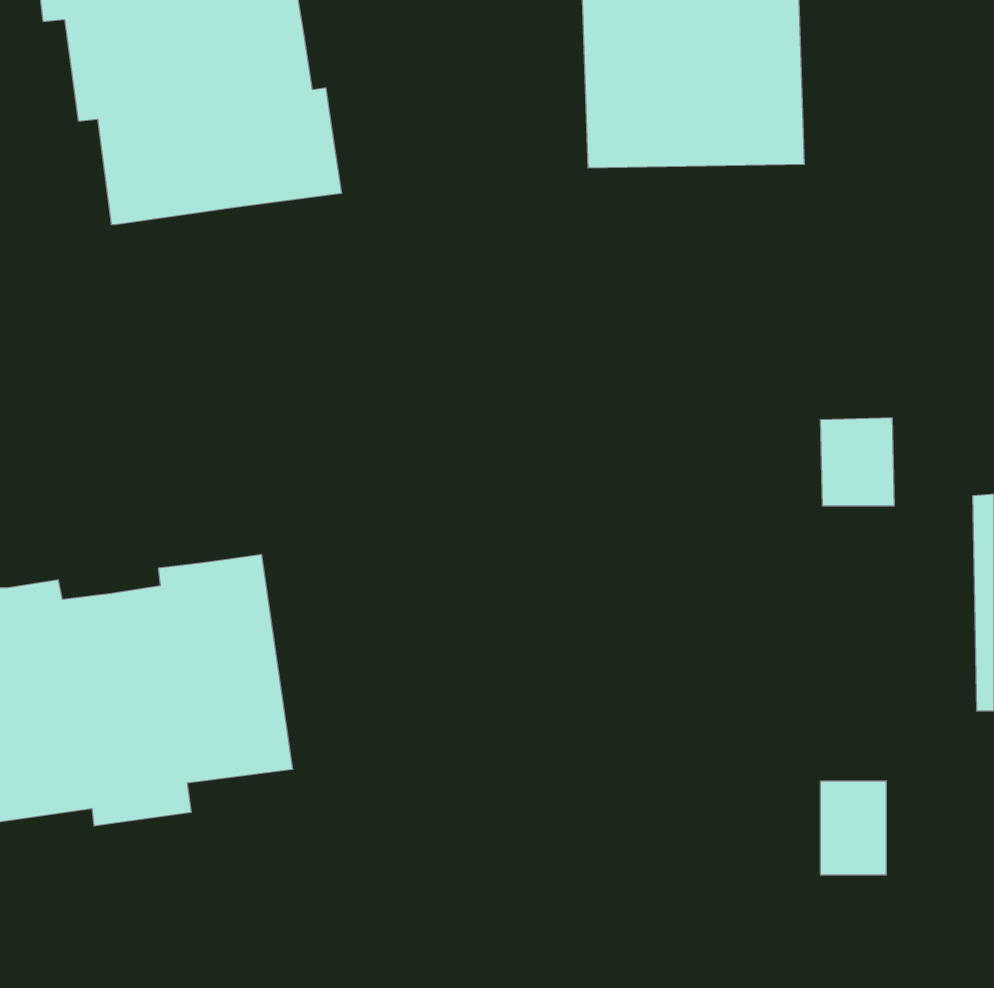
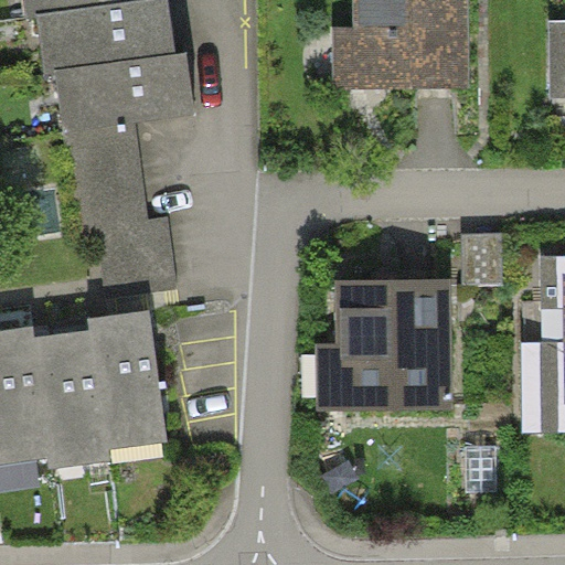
building: none -> [65,117,178,294]
building: none -> [315,276,456,407]

